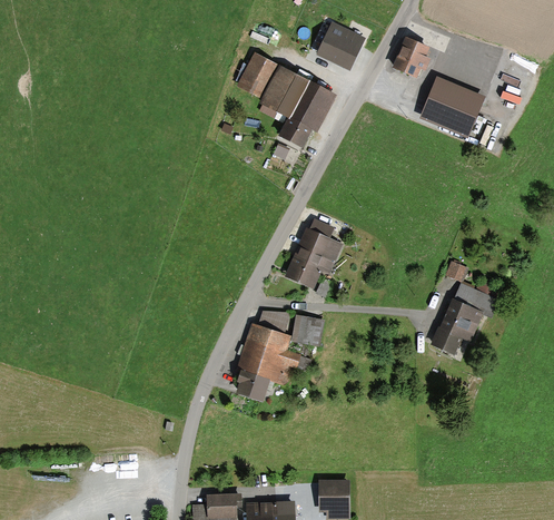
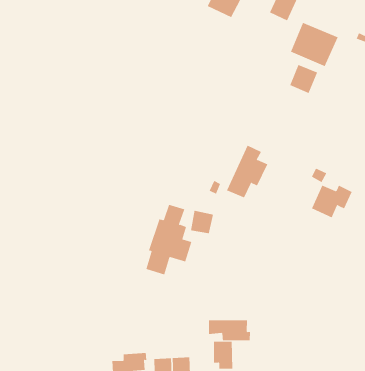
building: [238,55,330,157] -> none
building: none -> [289,64,318,94]
building: [287,218,340,286] -> [226,145,268,198]
building: [433,313,474,352] -> none
building: none -> [208,320,250,341]

